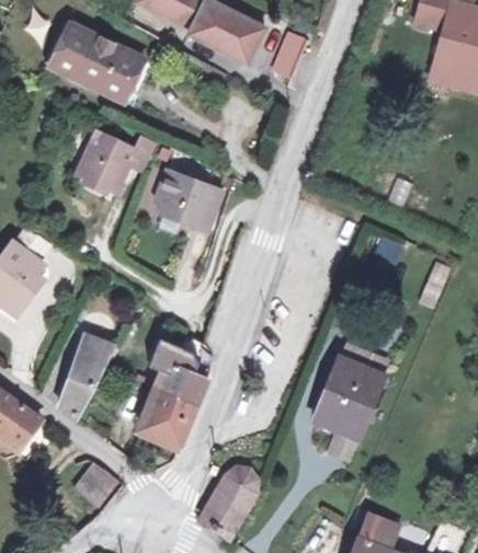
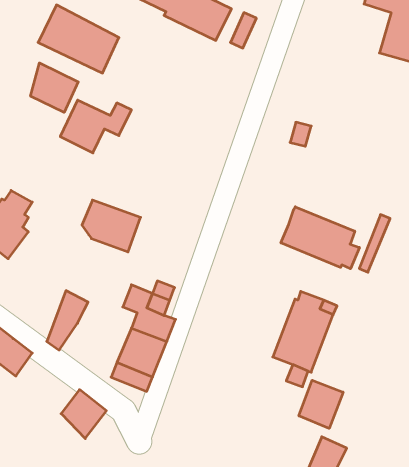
building: none -> [31,63,78,112]
building: [153,172,220,231] -> [82,200,141,252]
building: none -> [281,207,359,269]
building: none -> [299,380,343,428]
building: [197,463,265,543] -> none

